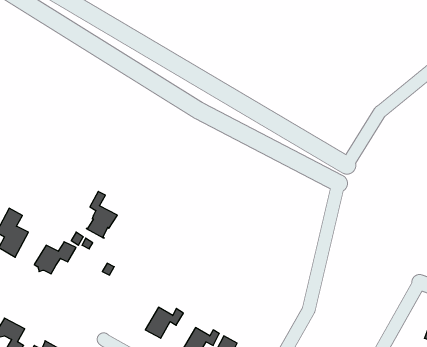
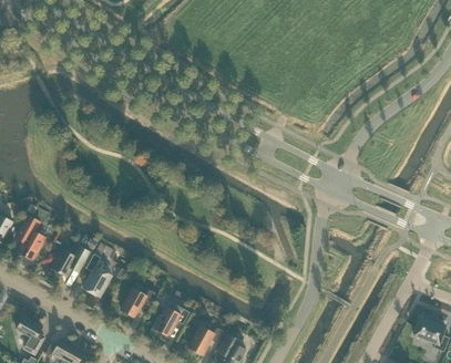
building: [86,191,117,238] -> [82,255,111,298]
building: none -> [120,289,155,318]

